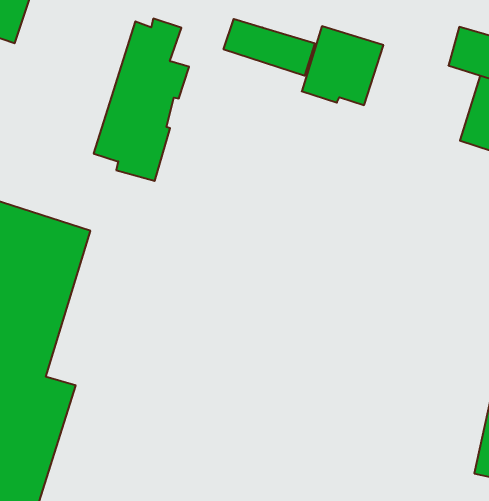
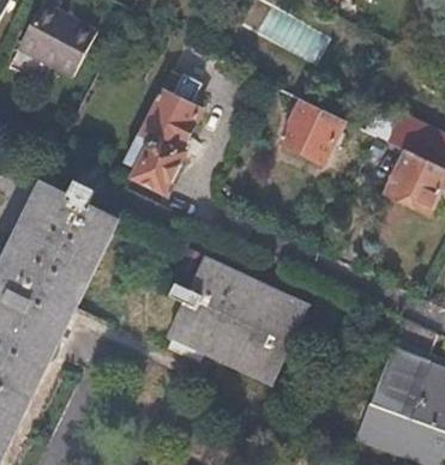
building: [224,19,315,76] -> none
building: none -> [168,264,303,378]

